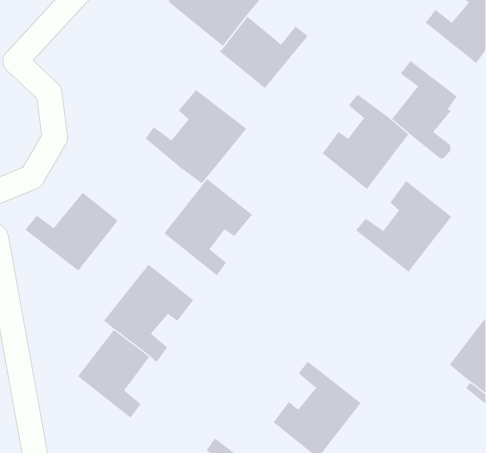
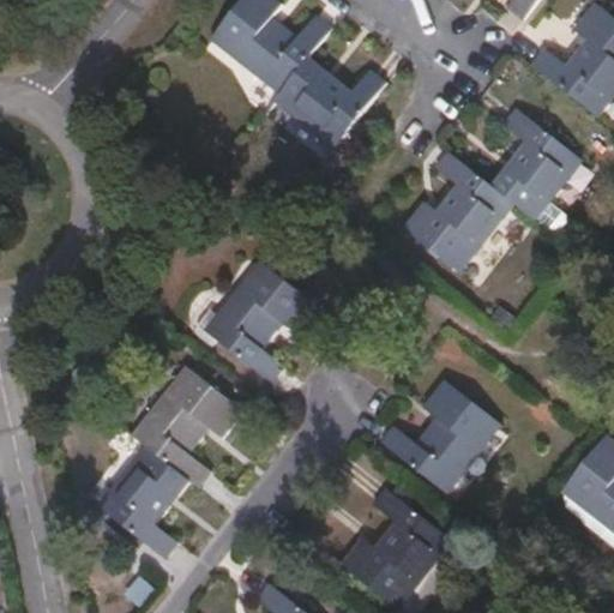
building: [145,89,247,184] -> none
building: [355,180,452,272] -> [380,379,501,494]
building: [24,192,118,272] -> none

